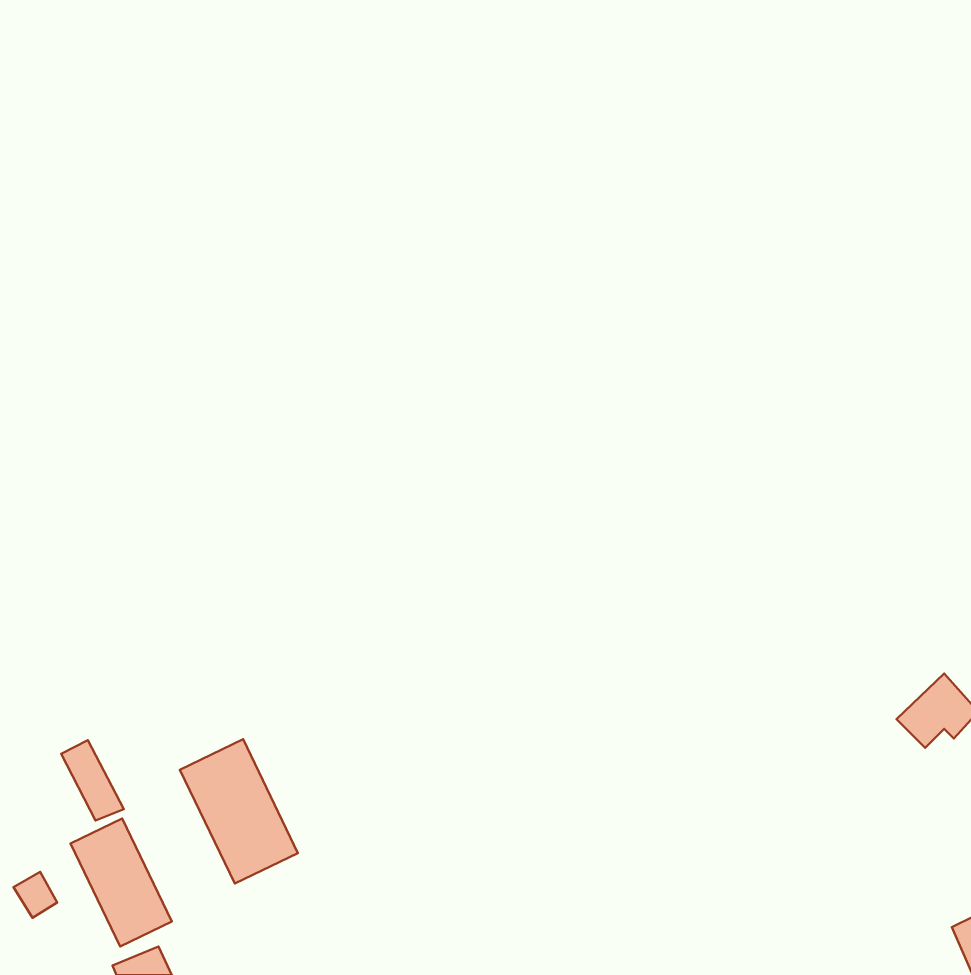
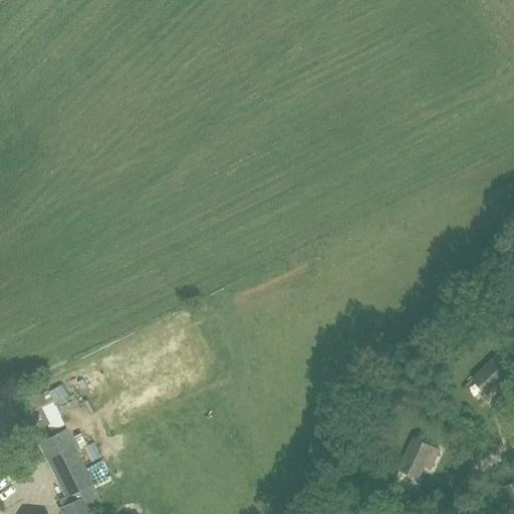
building: [180,739,298,884] -> none
building: none -> [401,438,441,478]

